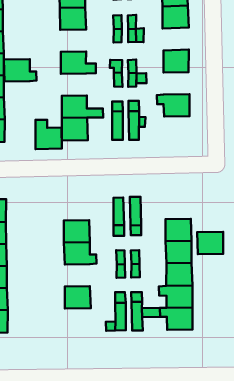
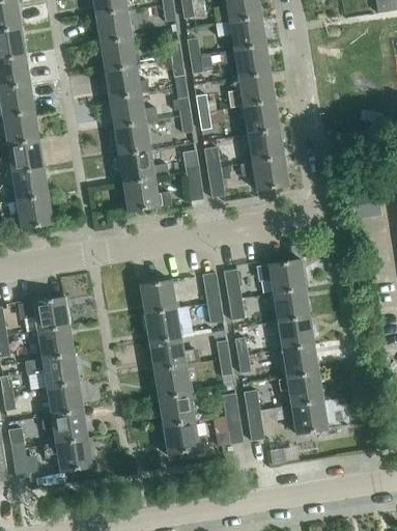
building: none -> [225,44,272,78]
building: [4,59,36,82] -> [104,65,149,99]
building: none -> [244,101,281,134]
building: none -> [113,121,150,155]
building: none -> [240,157,289,190]
building: [35,120,62,149] -> none
building: none -> [139,279,176,313]
building: [197,232,223,254] -> [268,259,306,292]
building: none -> [153,364,190,397]
building: none -> [162,420,199,454]

